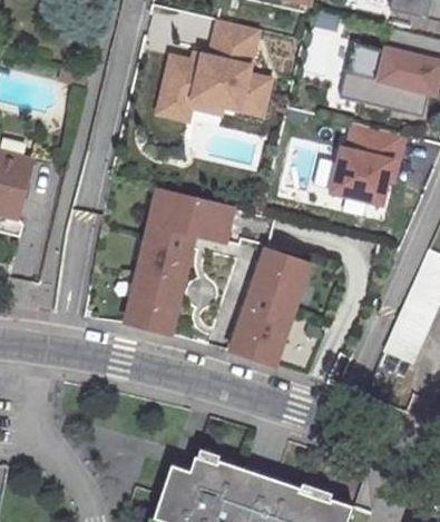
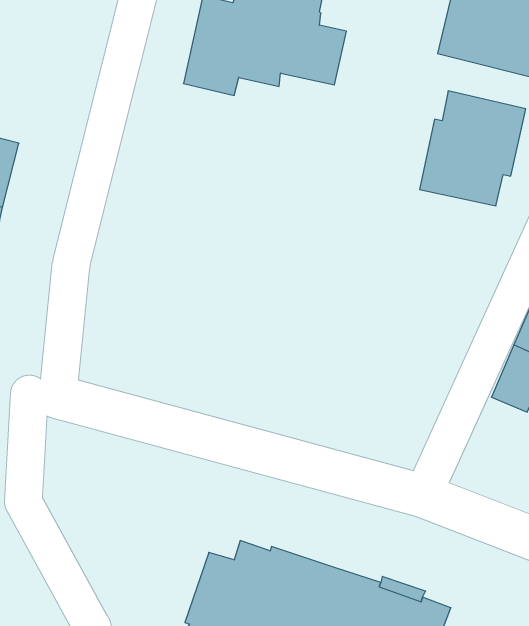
building: [121,186,238,337] -> none
building: [228,246,315,367] -> none

